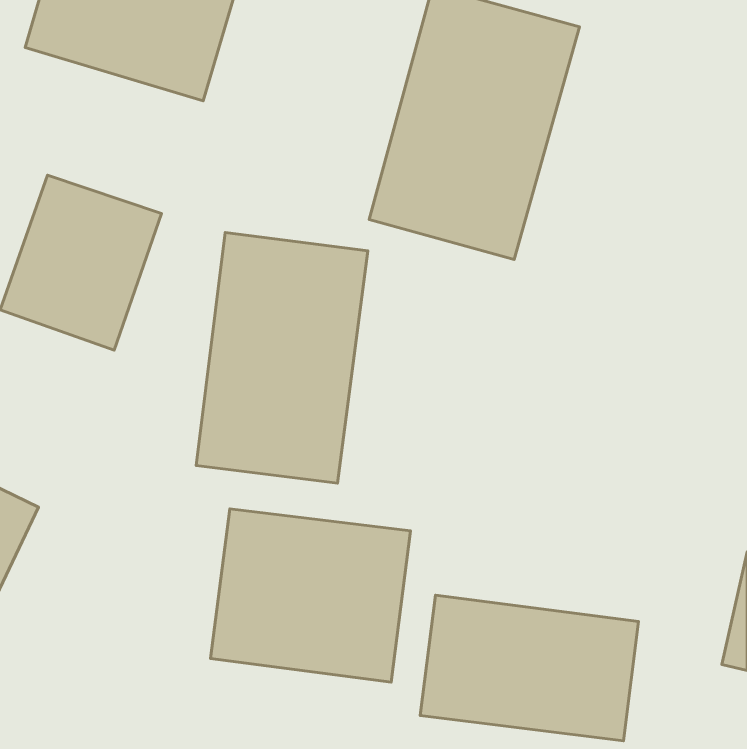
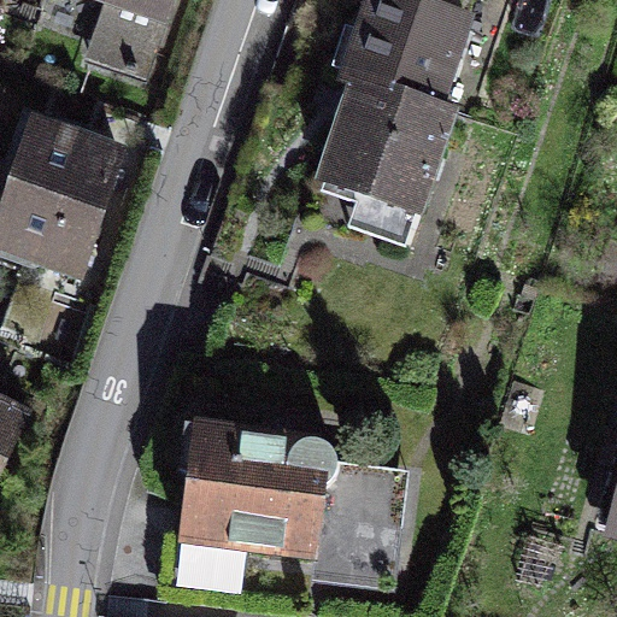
building: [196,233,368,483] -> none
building: [420,595,638,741] -> none

